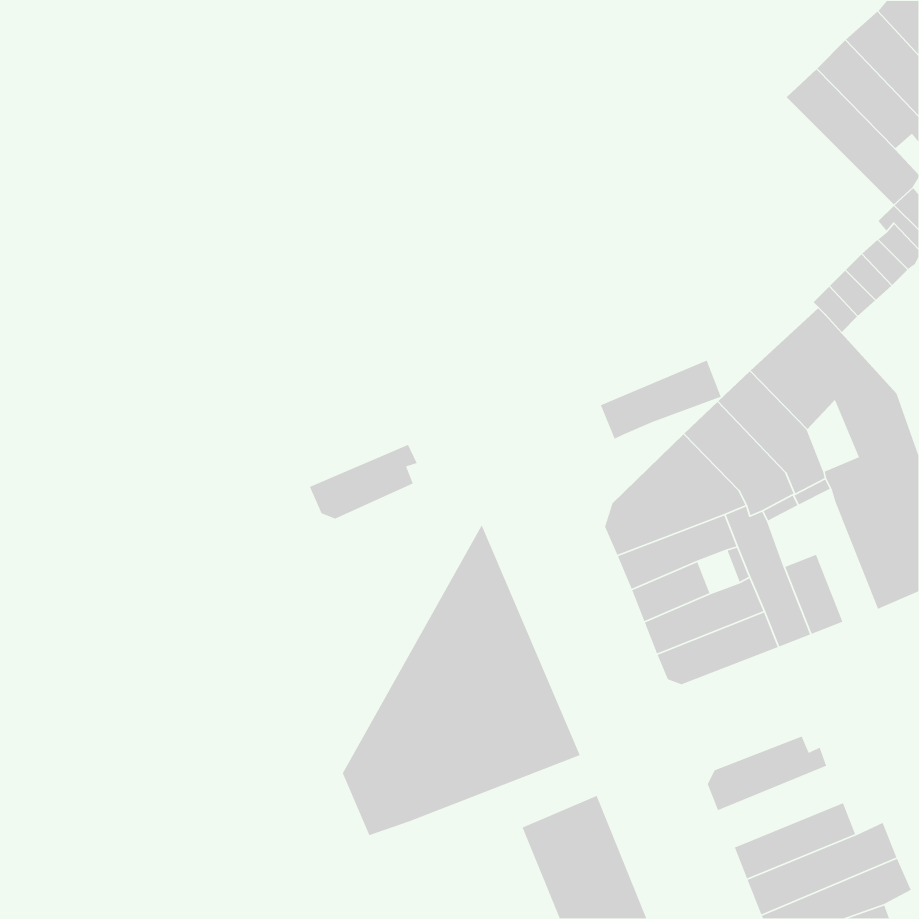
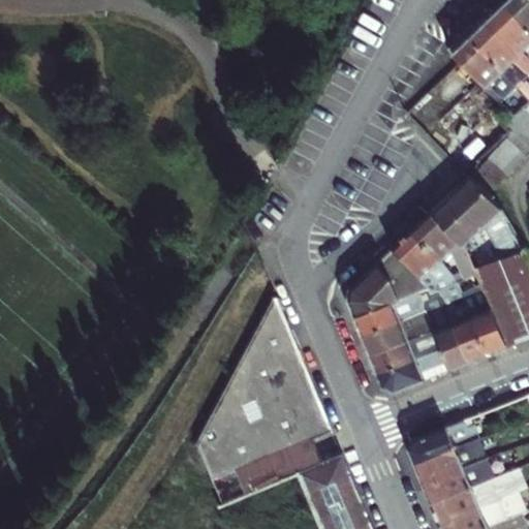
building: [600,359,722,440] -> none
building: [309,444,418,519] -> none
building: none -> [469,288,504,357]
building: none -> [236,434,343,494]
building: none -> [412,440,485,487]

